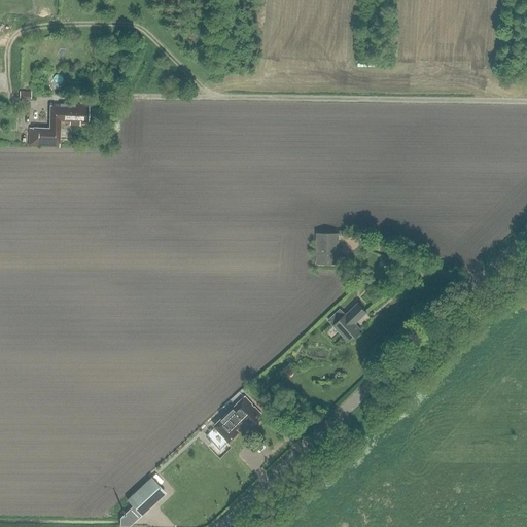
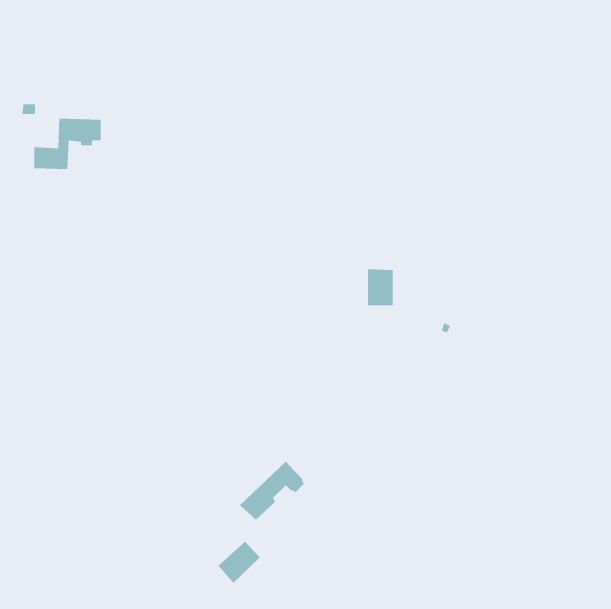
building: [328,302,366,341] -> none
building: [129,479,166,516] -> [218,541,261,584]

